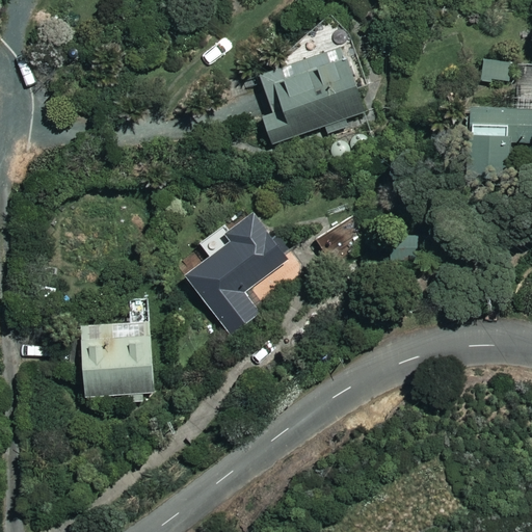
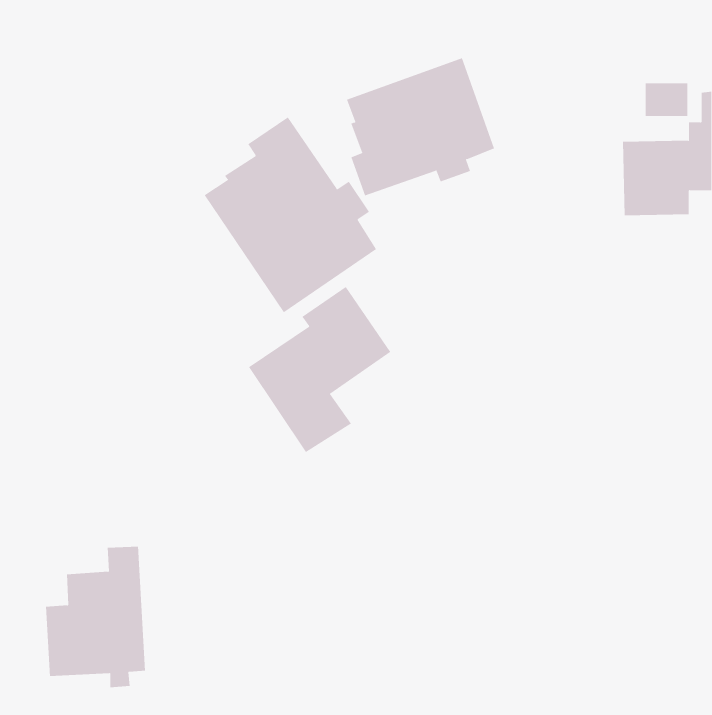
building: none -> [204,116,377,313]
building: [79,300,154,405] -> [45,546,146,688]

